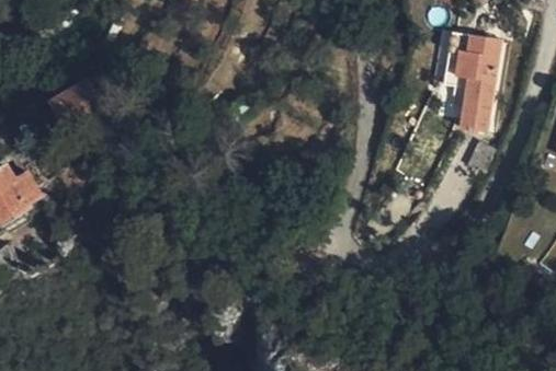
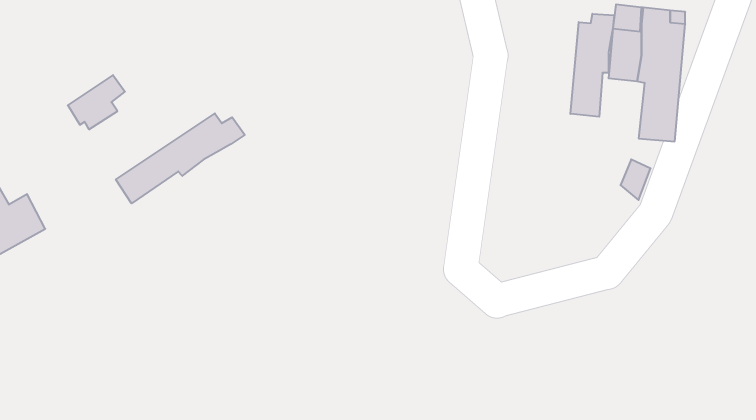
building: none -> [570,14,614,117]
building: none -> [116,113,245,203]

